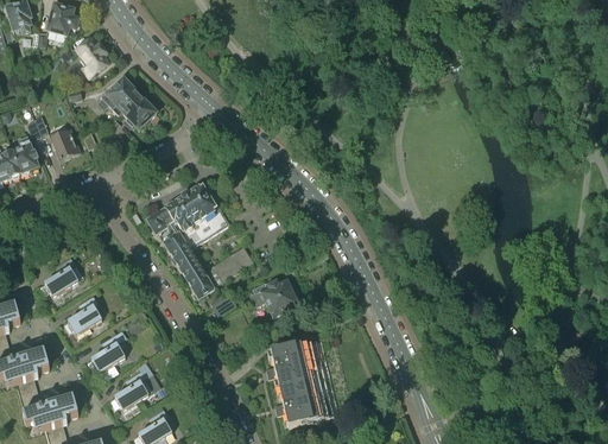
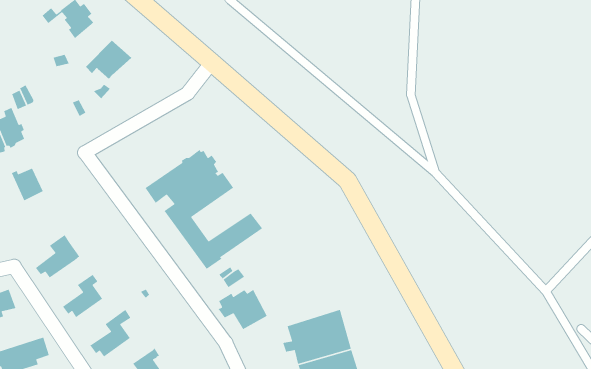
building: [122,95,157,128] -> none
building: [50,128,80,159] -> [11,168,44,201]
building: [252,278,298,316] -> [217,289,268,330]

